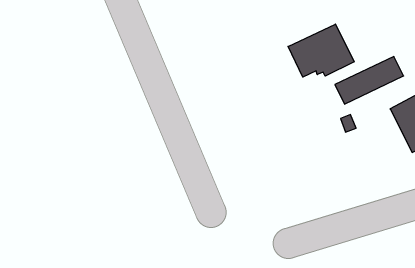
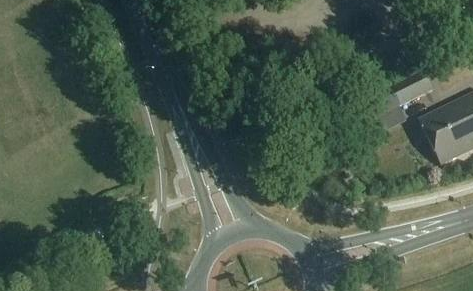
building: [288,24,354,77] -> none

